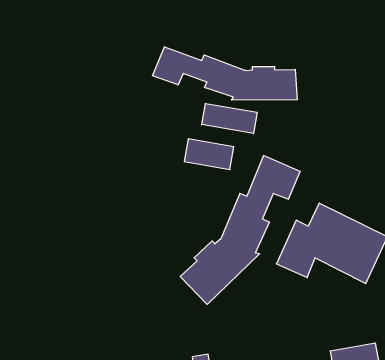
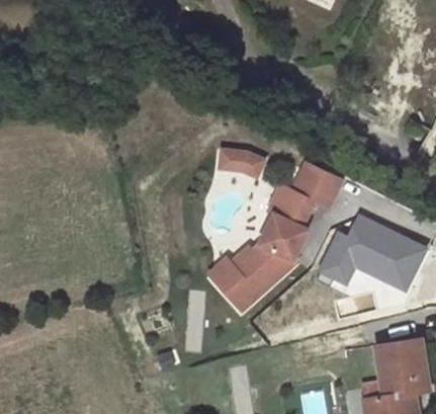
building: [152,47,297,100] -> none
building: [202,103,257,134] -> none

